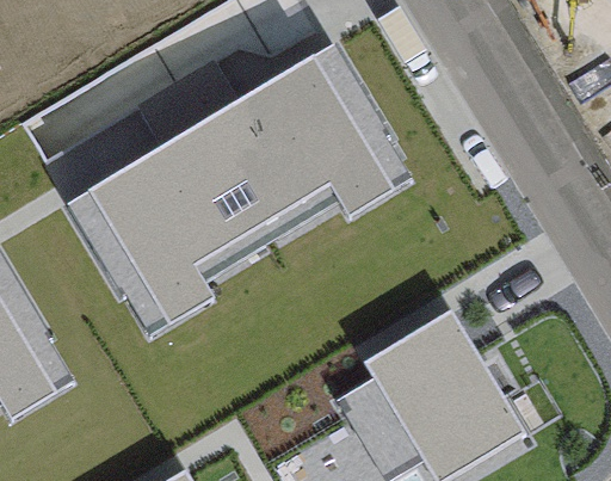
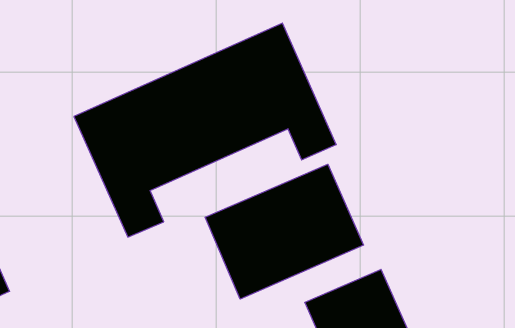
building: none -> [205,164,364,299]

